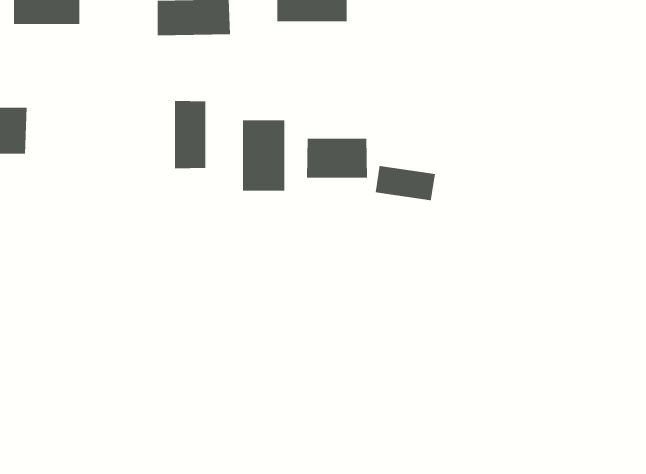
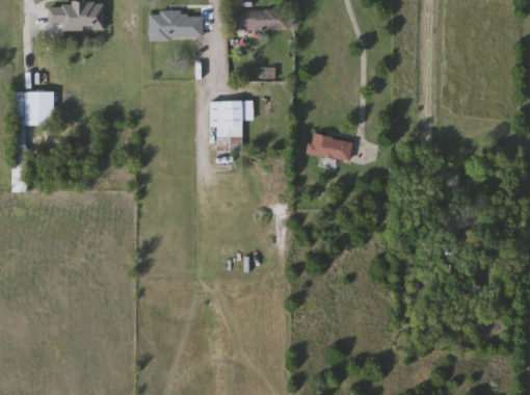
building: [174,100,206,169] -> none
building: [307,138,368,178] -> none

